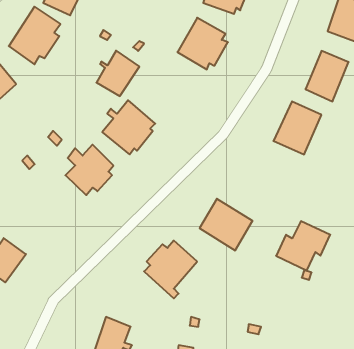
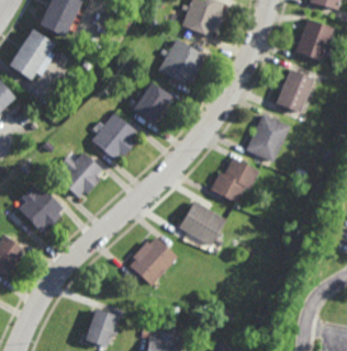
building: [96,51,139,96] -> [134,82,172,123]
building: none -> [20,188,64,231]
building: [276,221,330,271] -> [210,159,258,203]

